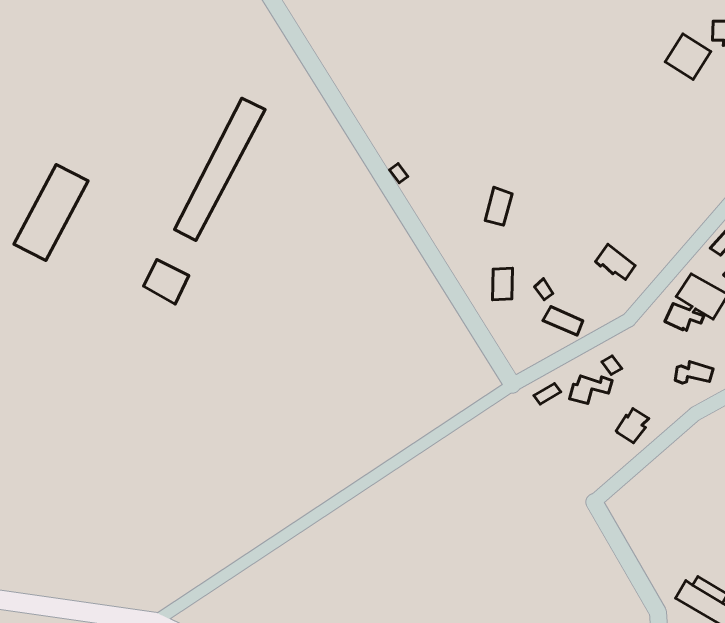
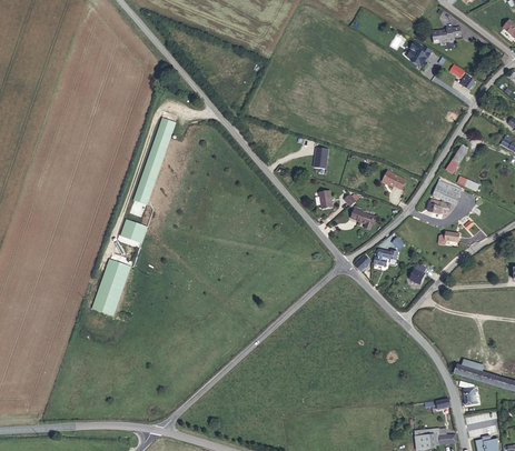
building: [14,165,88,260] -> [91,258,129,314]

